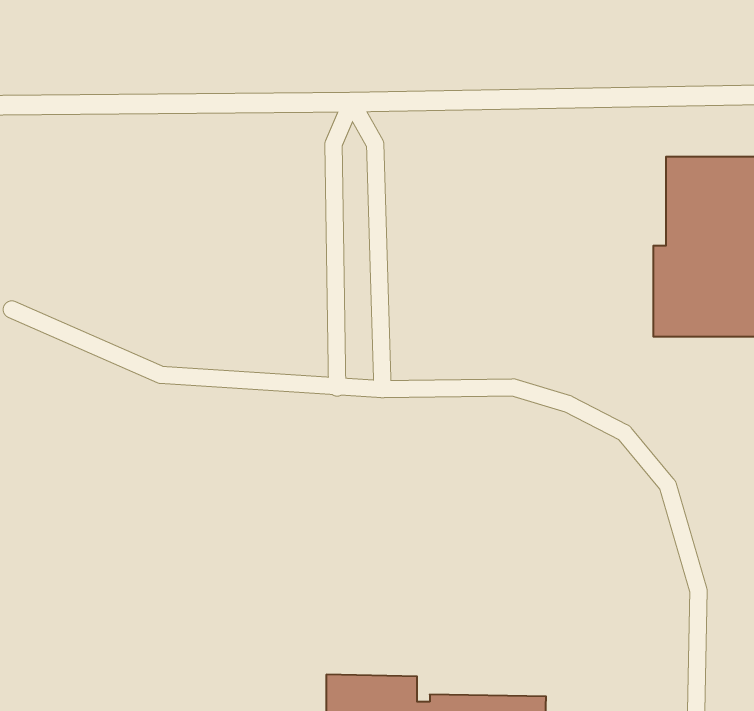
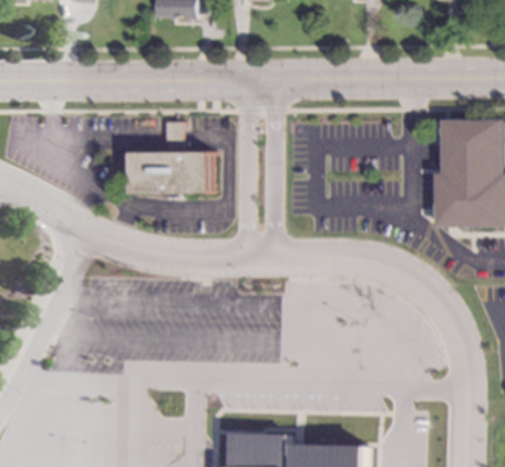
building: none -> [134,121,214,196]

